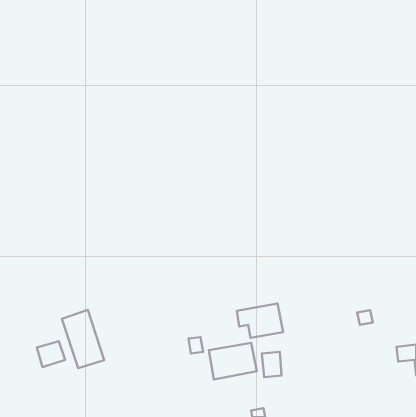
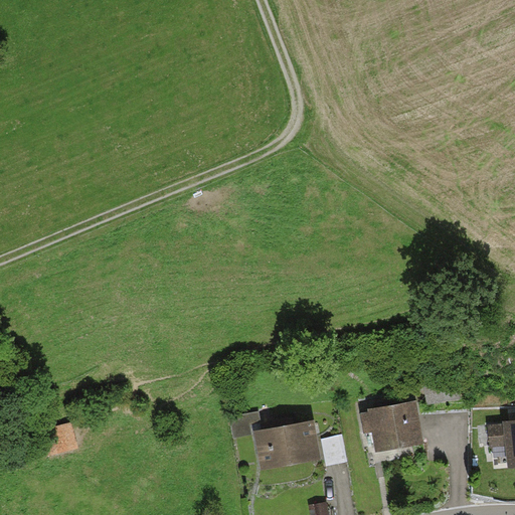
building: [237,304,283,338] -> [362,404,419,447]
building: [62,310,104,368] -> none

